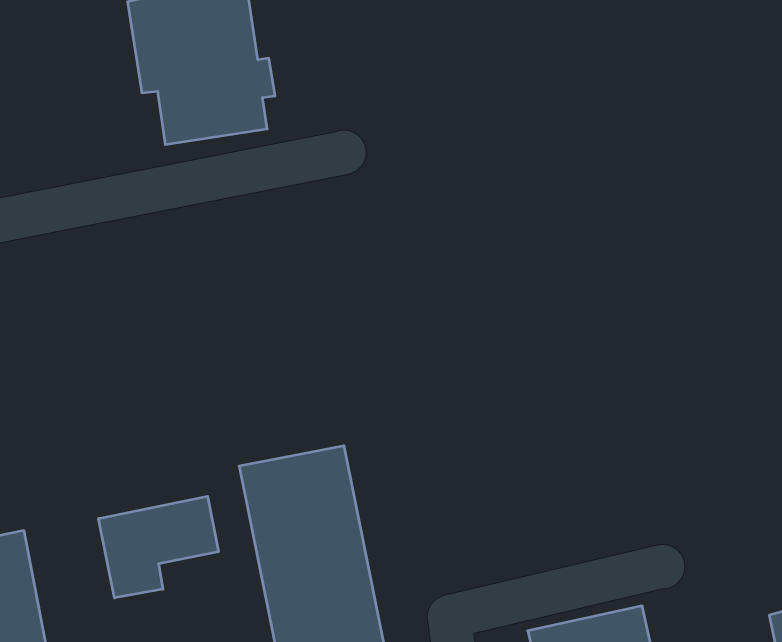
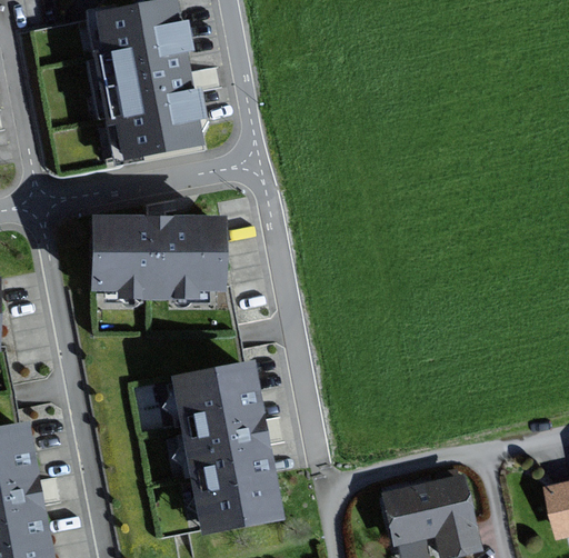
building: none -> [98,219,224,288]
building: [99,496,218,598] -> none

